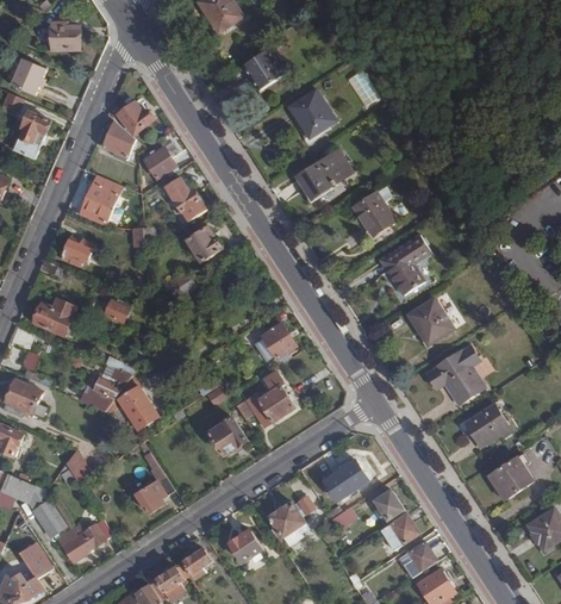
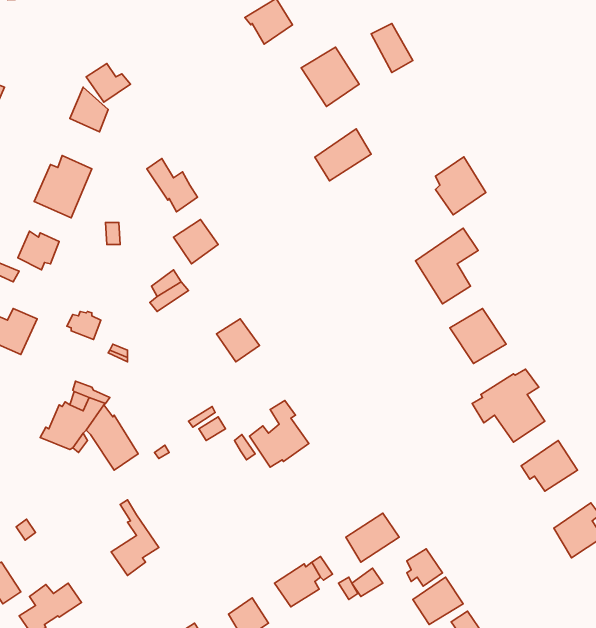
building: [143,143,174,178] -> none
building: [354,191,394,237] -> [435,157,486,215]
building: [261,324,295,359] -> [216,319,259,362]
building: [210,417,247,454] -> none

